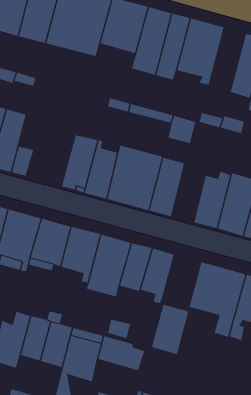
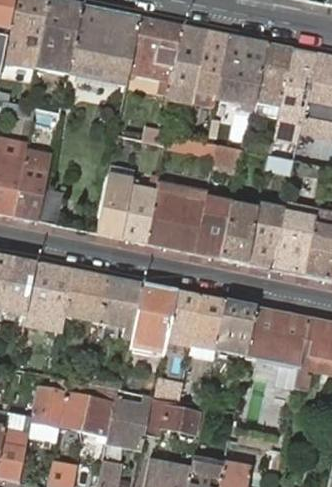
building: none -> [254,42,291,113]
building: none -> [221,204,256,263]
building: [151,304,189,355] -> [217,300,257,356]

